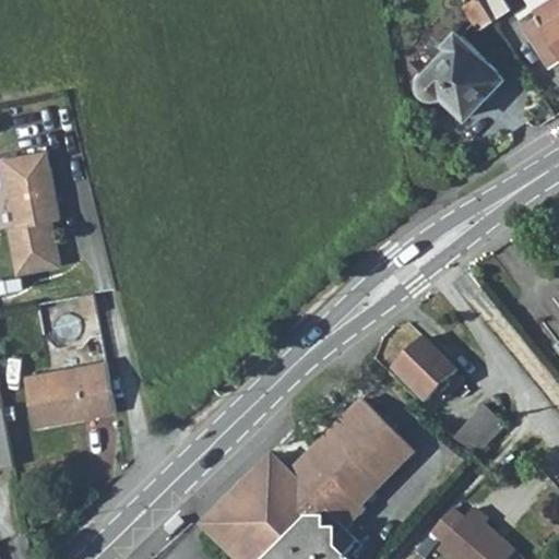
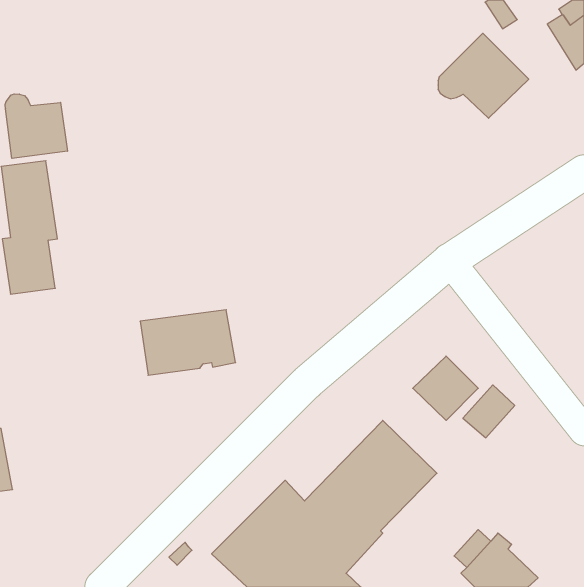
building: none -> [5,94,67,158]
building: [23,365,114,427] -> [140,310,236,375]
building: [453,405,502,455] -> [463,385,515,438]

